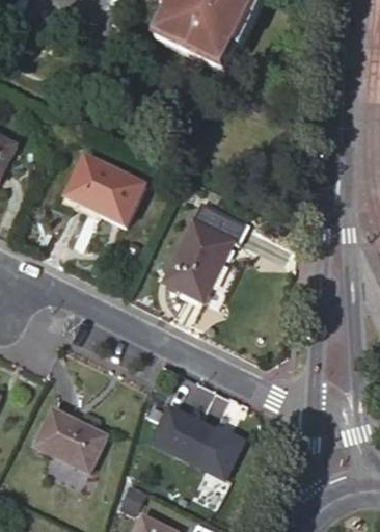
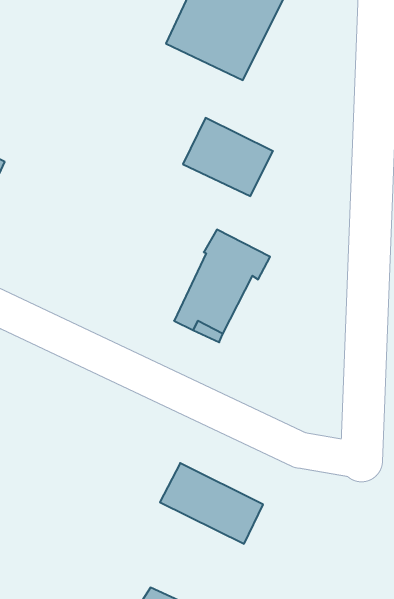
building: [66,157,145,225] -> [183,118,273,196]
building: [34,407,107,471] -> none

